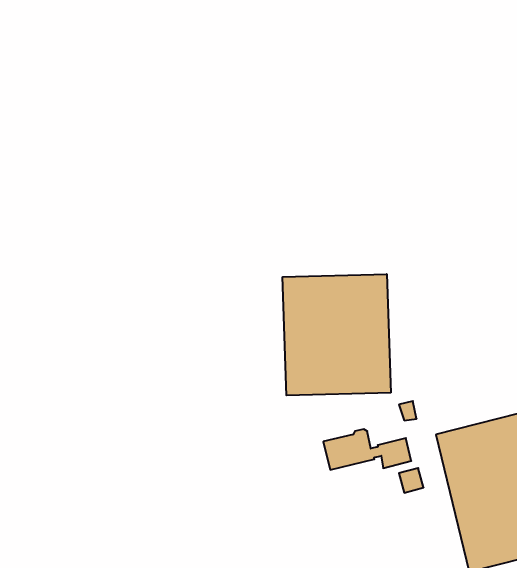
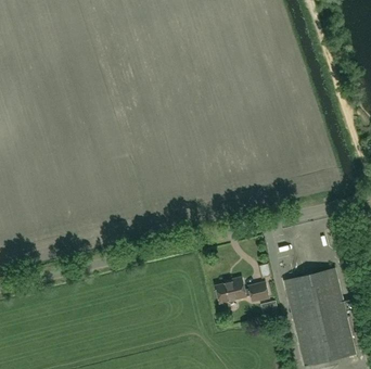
building: [283,274,391,395] -> none

